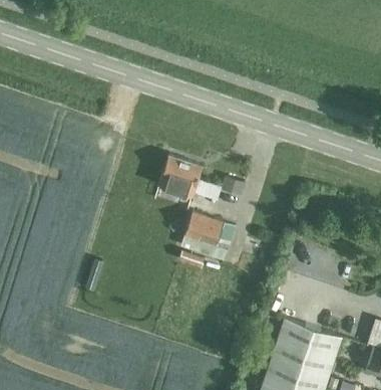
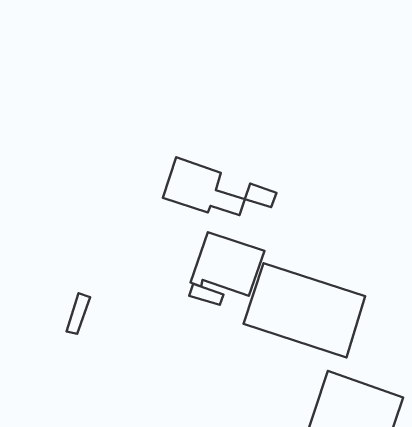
building: none -> [244,263,365,357]

